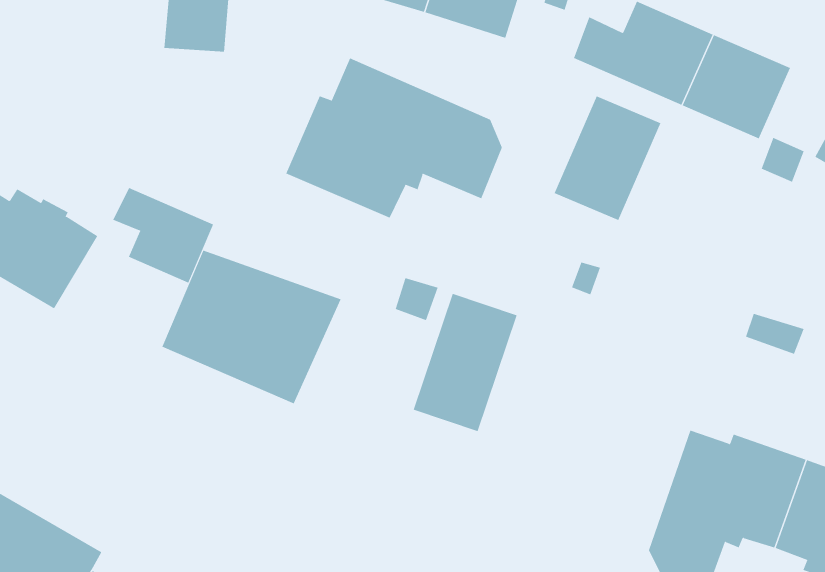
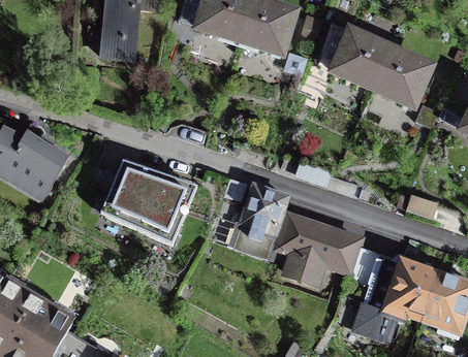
building: [286,58,502,219] -> none
building: [554,96,661,221] -> none
building: [113,187,214,283] -> none
building: none -> [278,216,361,281]

